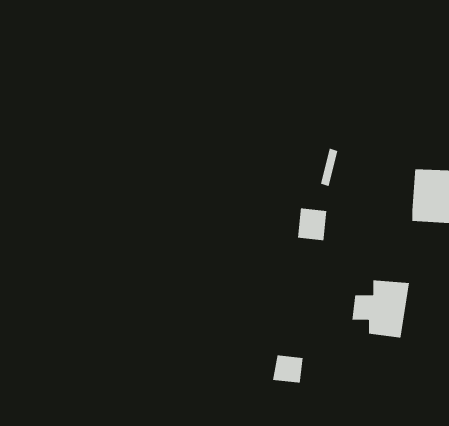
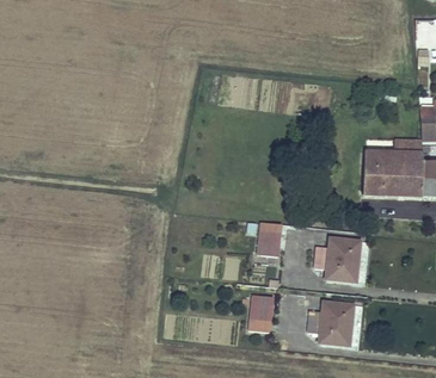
building: [297,208,327,241] -> [259,229,283,255]
building: none -> [308,304,354,347]

